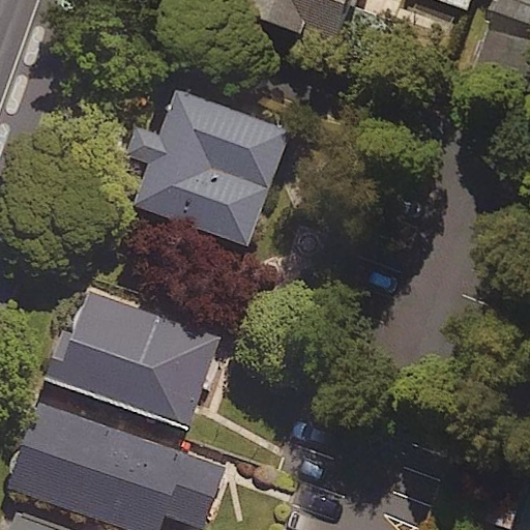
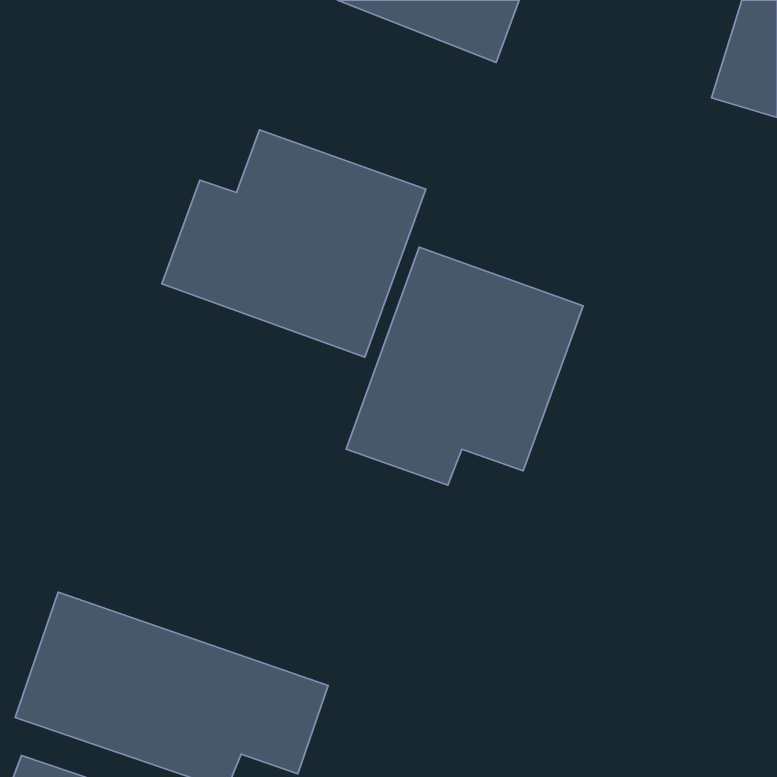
building: none -> [346,247,583,485]
building: [45,287,219,428] -> none

